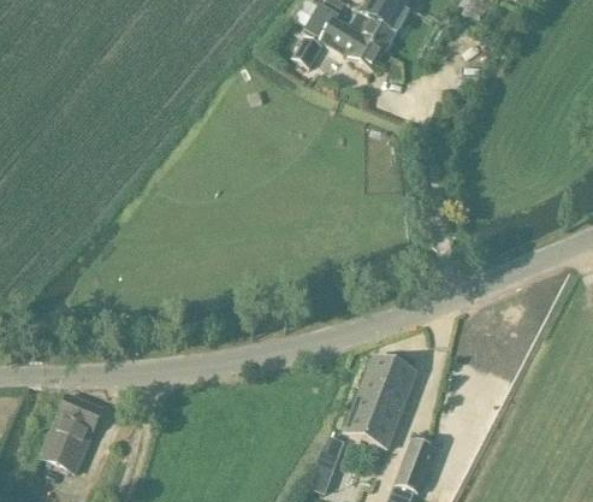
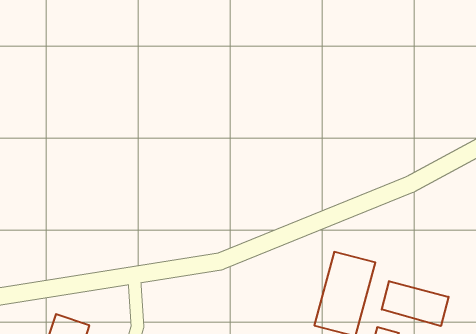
building: none -> [382,281,449,326]

